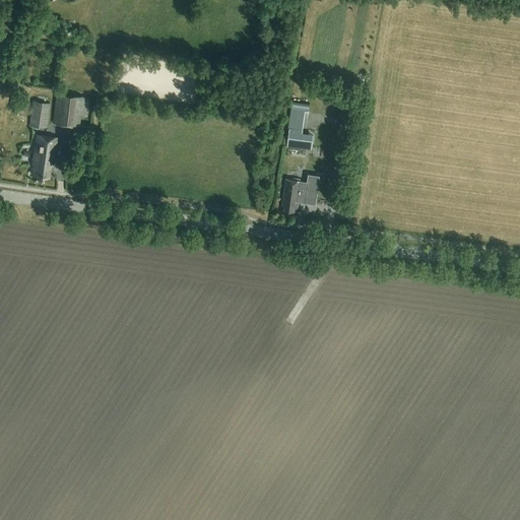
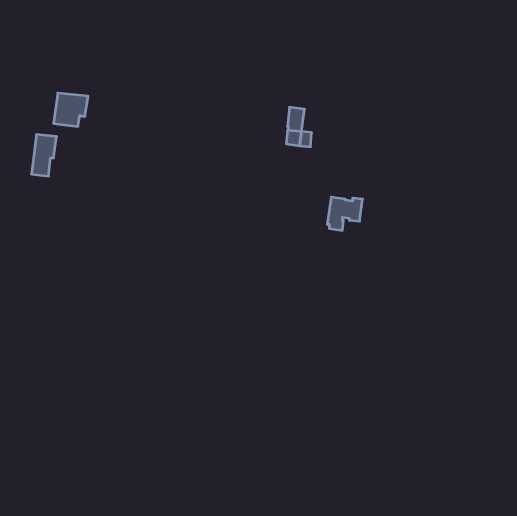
building: [29,102,50,130] -> none
building: [282,180,318,213] -> [327,197,363,230]

